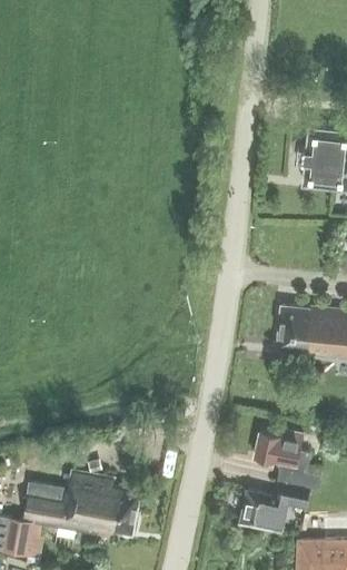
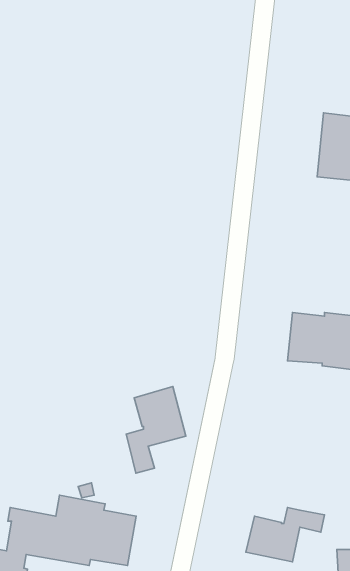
building: none -> [126,387,186,473]
building: [254,432,323,492] -> none

